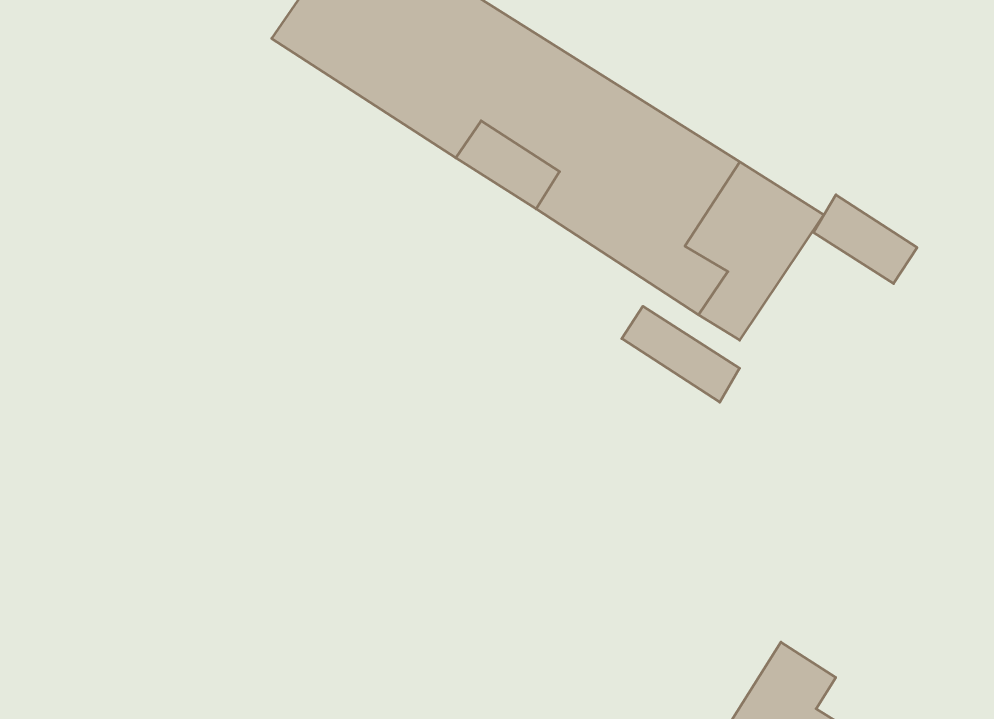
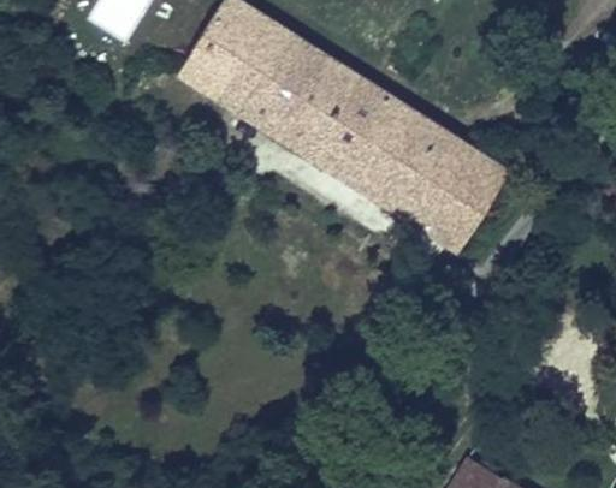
building: [813,195,917,284] -> none
building: [622,306,740,402] -> none

